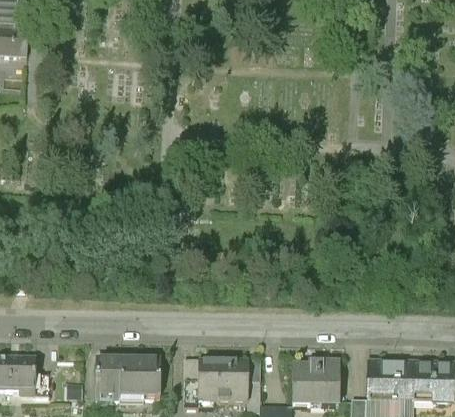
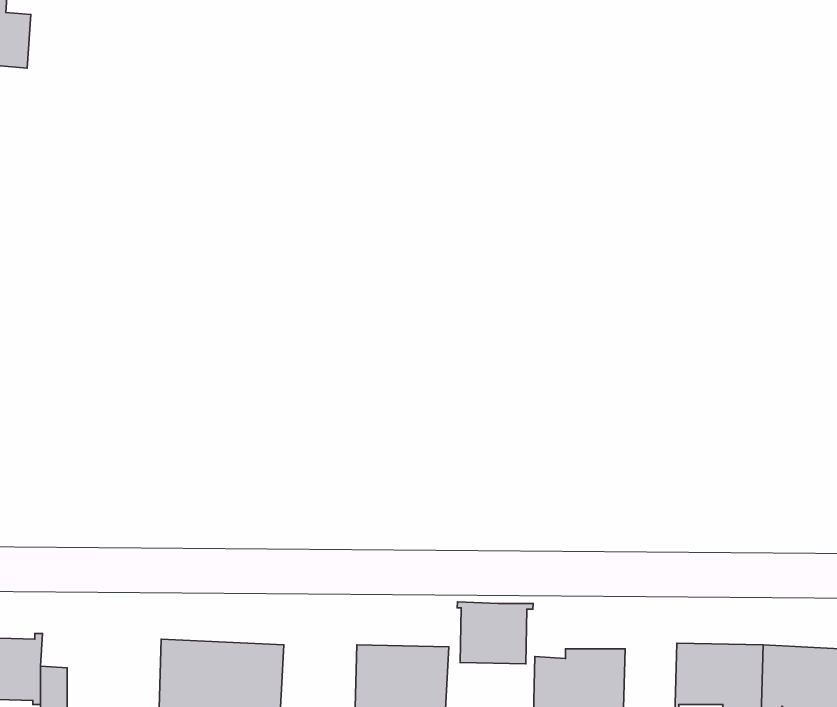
building: none -> [457,602,533,664]

